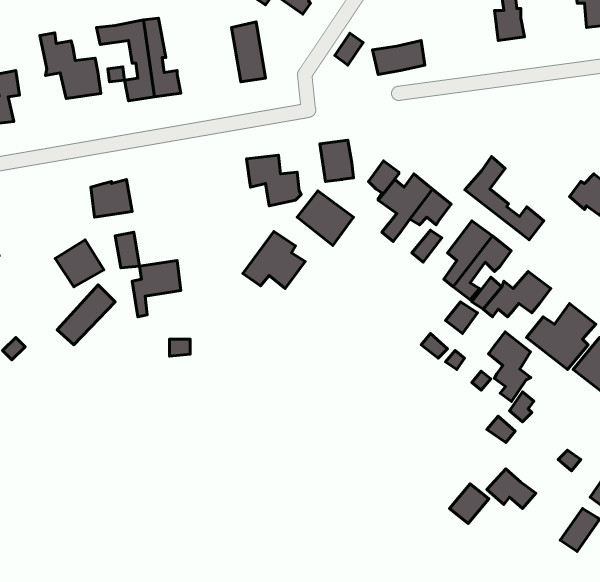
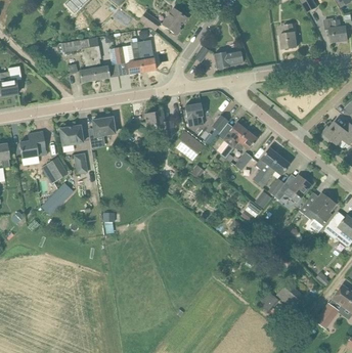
building: none -> [114,38,142,76]
building: [40,33,101,98] -> none
building: [465,156,544,240] -> none
building: none -> [19,131,46,158]
building: [243,232,305,288] -> none
building: [132,260,181,317] -> [88,117,115,147]
building: [488,332,531,401] -> none

